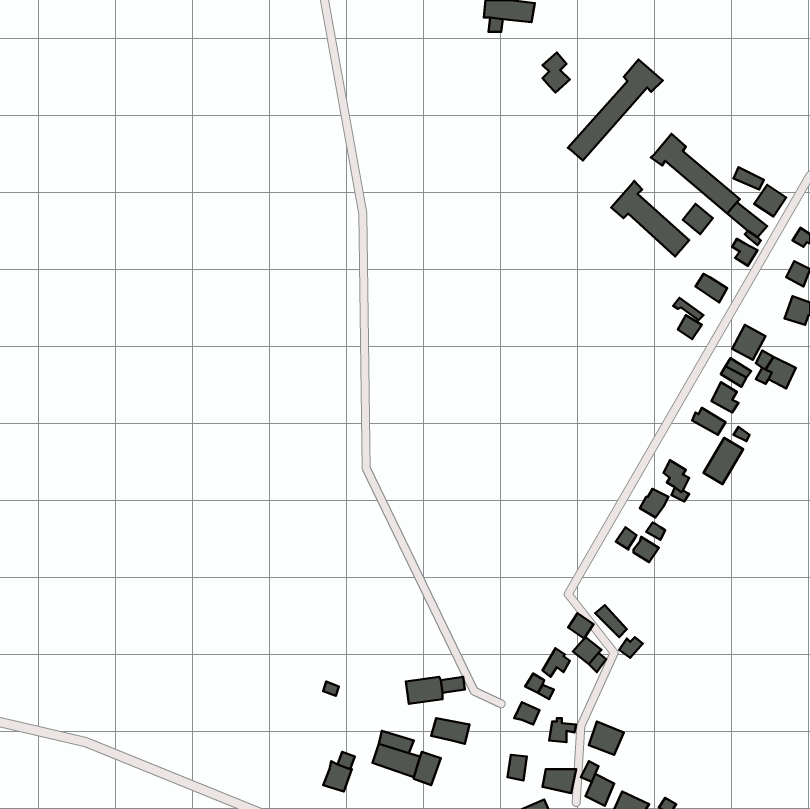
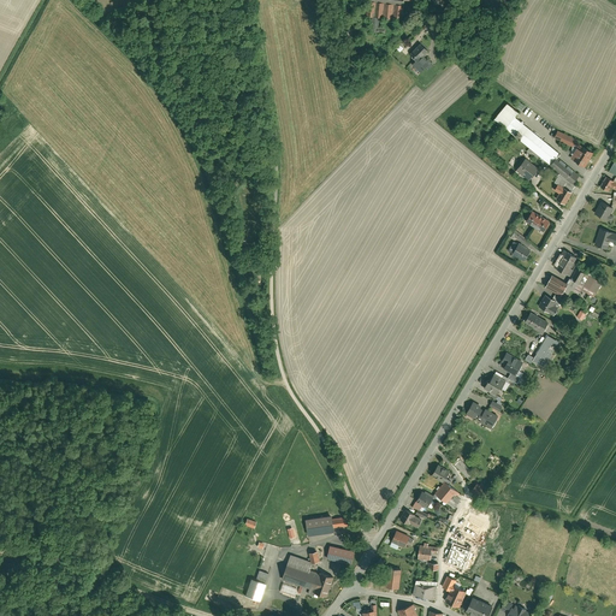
building: [568,59,663,160] -> none
building: [611,181,689,257] -> none

